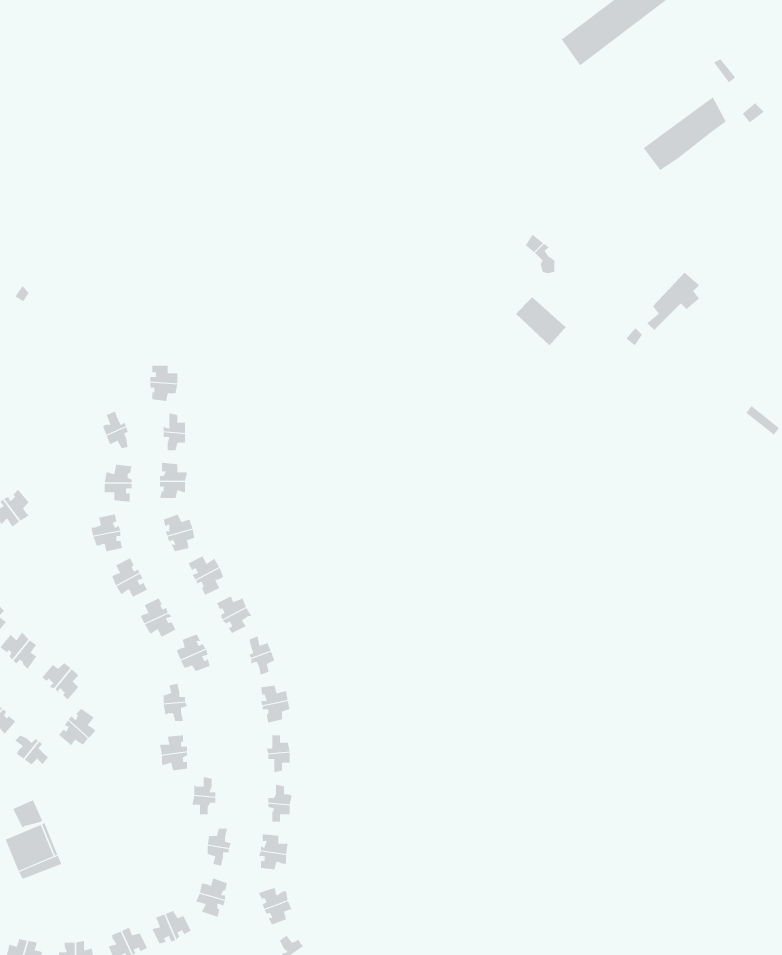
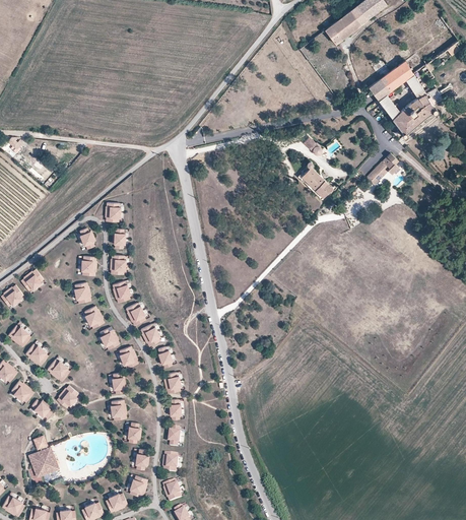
building: none -> [378,73,437,137]

